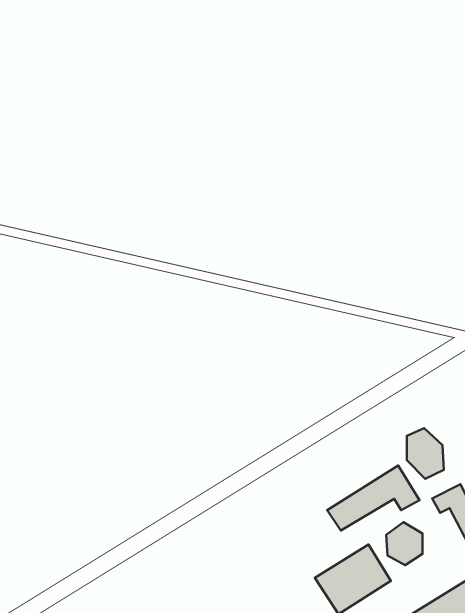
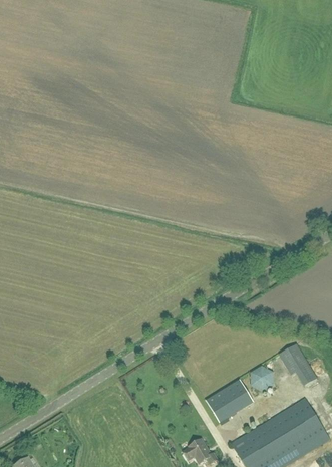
building: [407,428,444,479] -> none
building: [327,465,420,530] -> none

